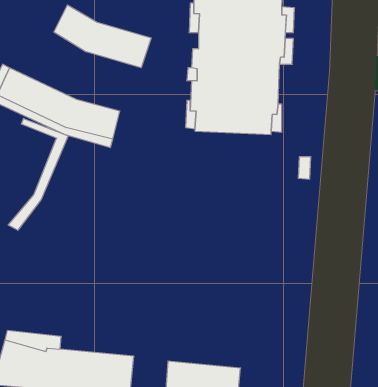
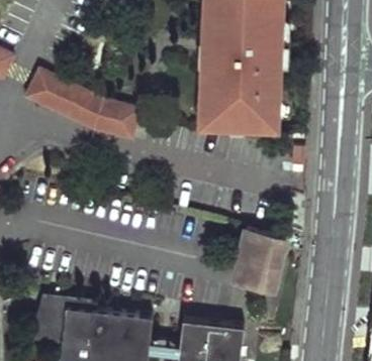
building: [54,5,151,68] -> none
building: [8,118,68,230] -> none
building: none -> [237,232,287,294]

